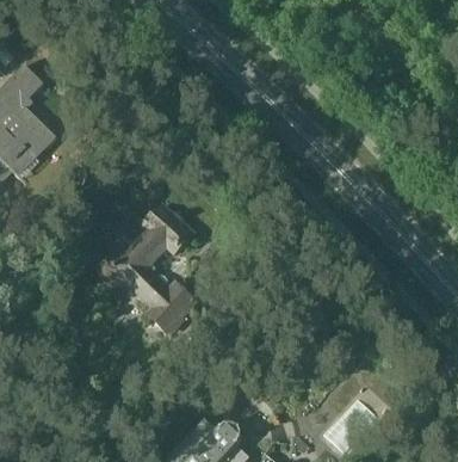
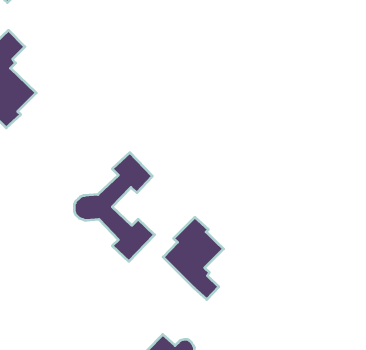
building: none -> [163,217,224,300]

